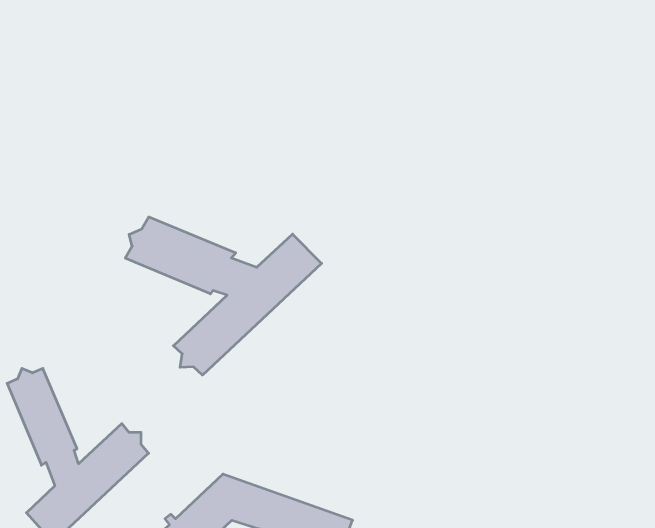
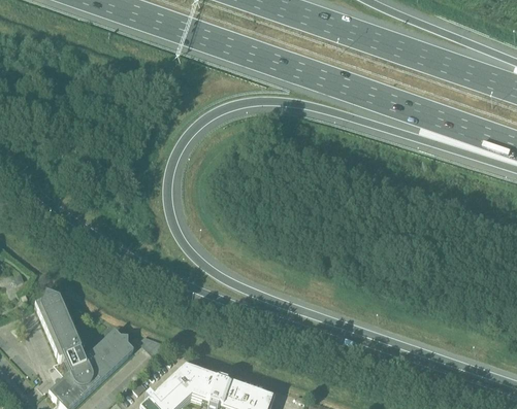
building: [125,217,322,375] -> none

